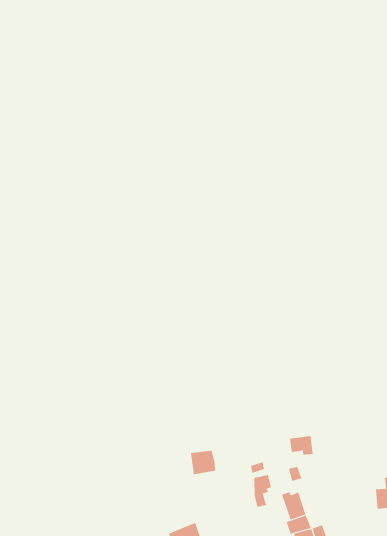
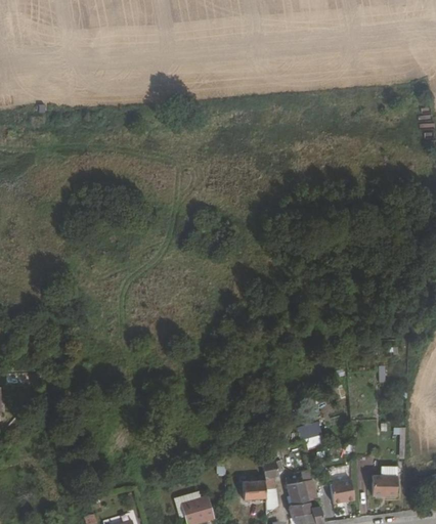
building: [190,450,216,475] -> [241,476,263,497]
building: none -> [332,480,355,504]

